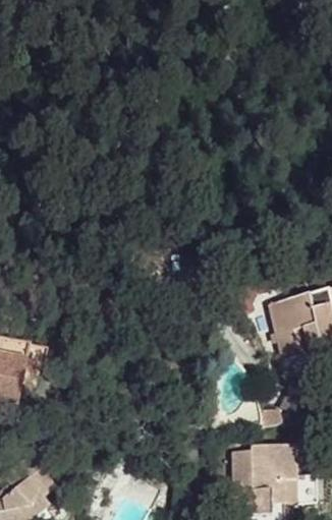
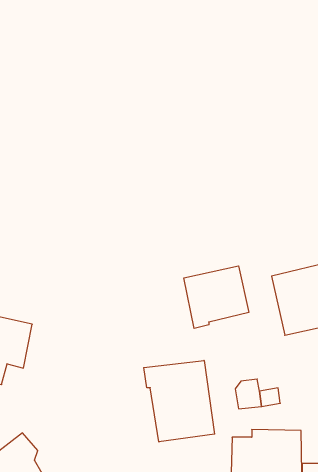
building: none -> [184,266,249,328]
building: none -> [144,360,215,442]

